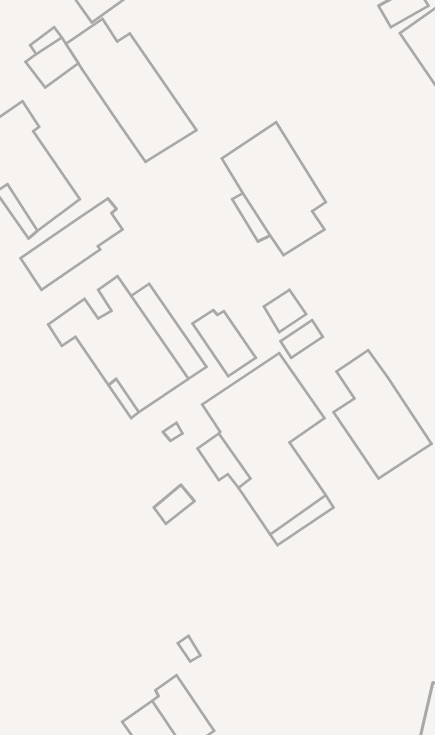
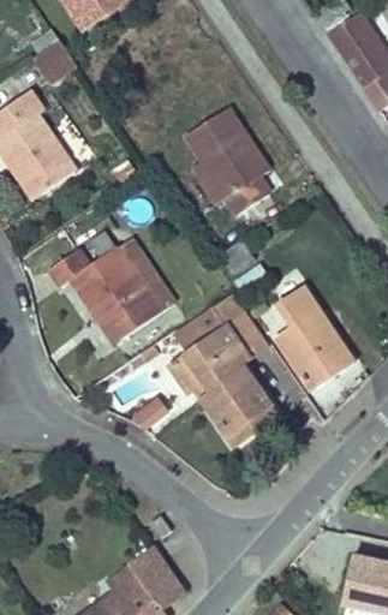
building: [66,19,196,162] -> none
building: [21,198,122,290] -> none
building: [192,310,256,376] -> none

